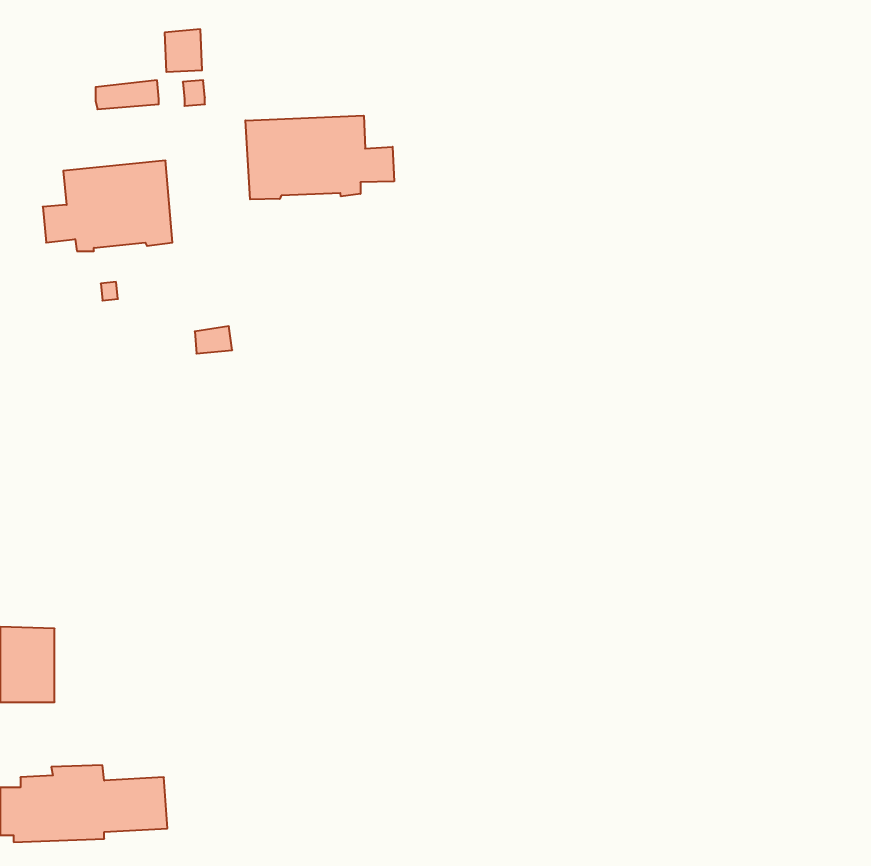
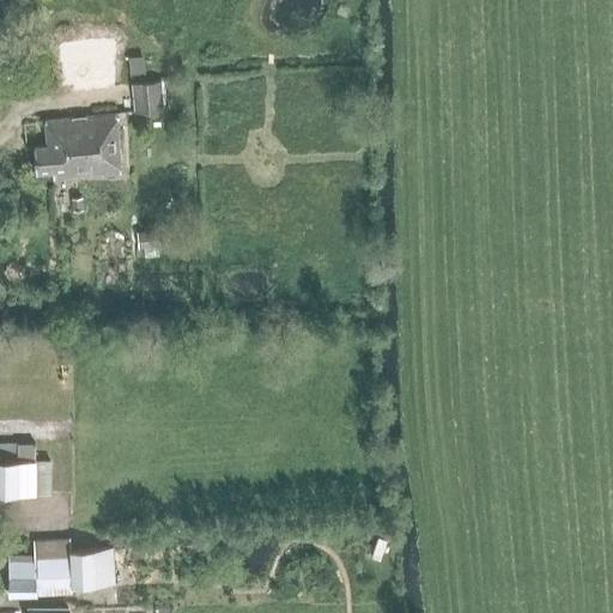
building: [165,29,202,72] -> [133,85,159,115]
building: [245,116,394,199] -> none

